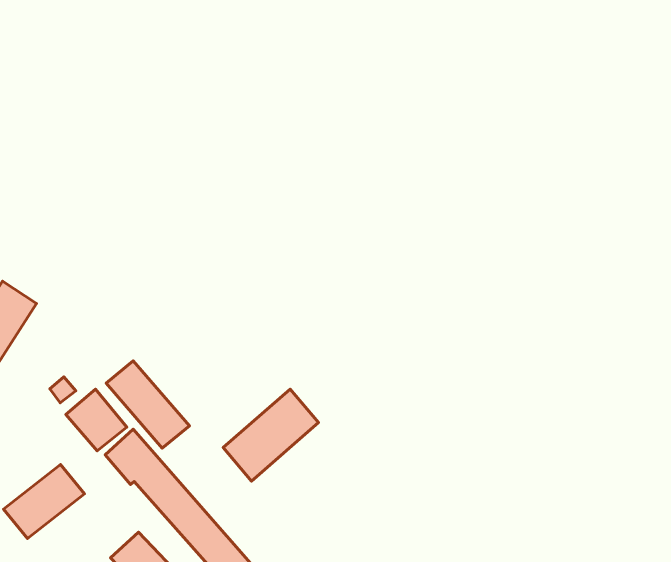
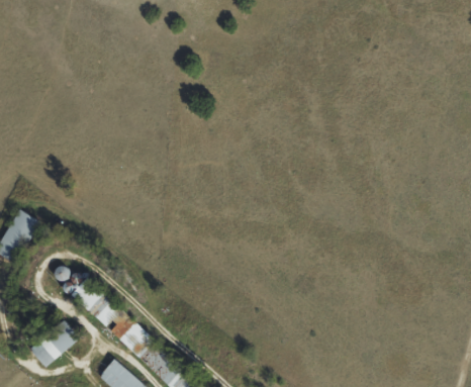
building: [106,361,189,448] -> none
building: [223,389,318,481] -> none

